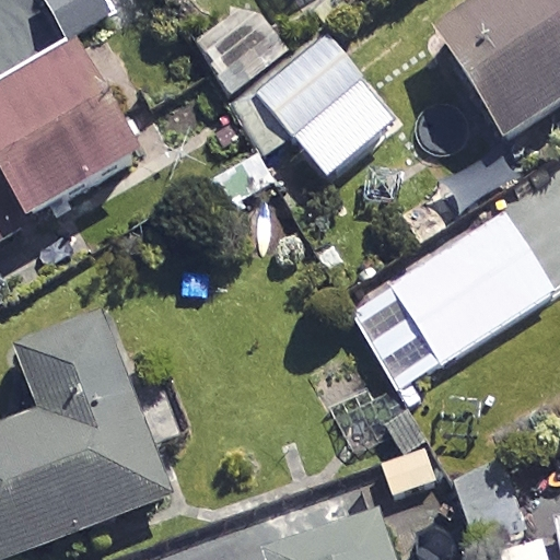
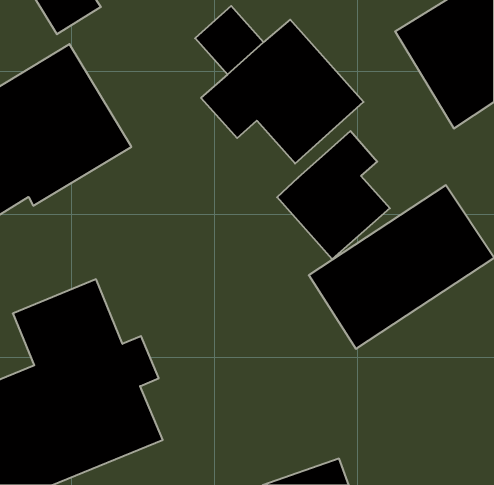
building: none -> [277,131,390,259]

